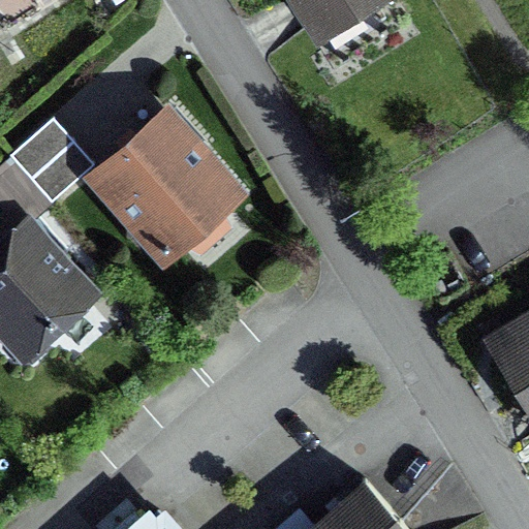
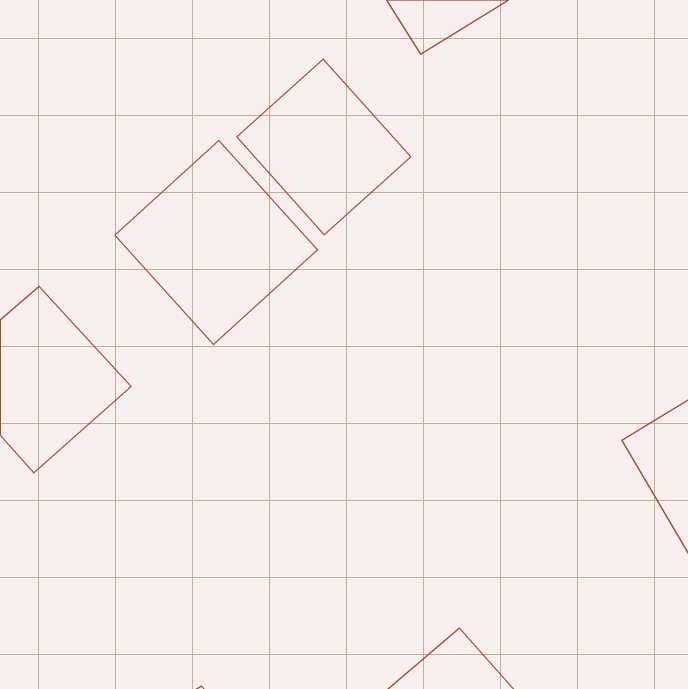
building: none -> [237,59,411,235]
building: [12,116,98,203] -> none

